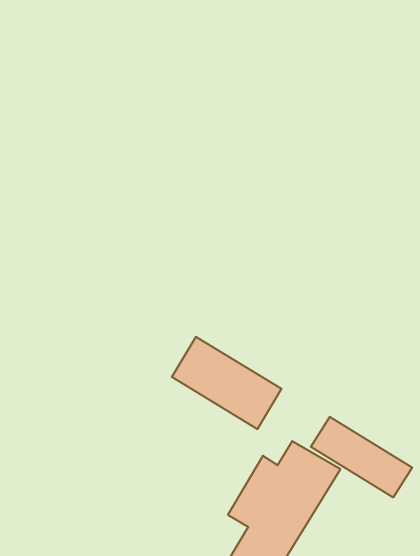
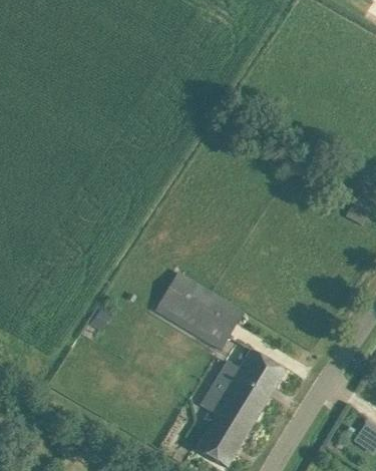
building: [311,417,412,497] -> none

